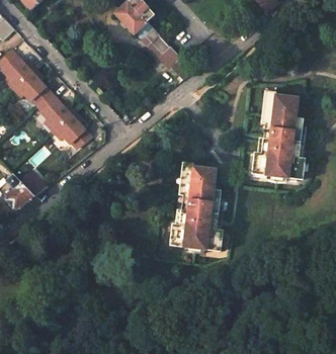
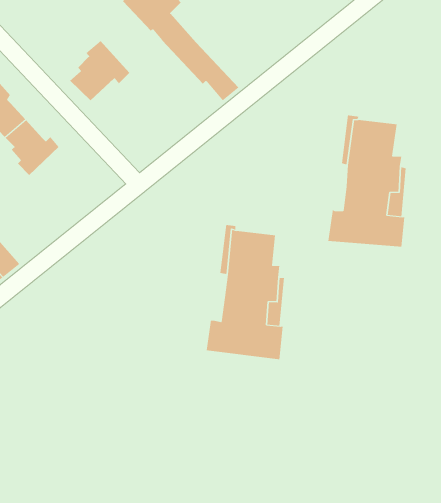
building: none -> [69,40,130,101]
building: [53,109,91,146] -> none

